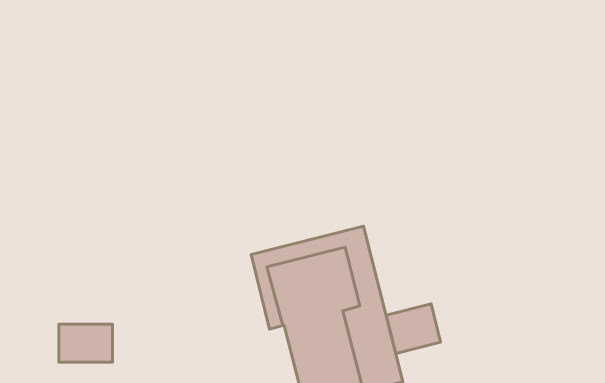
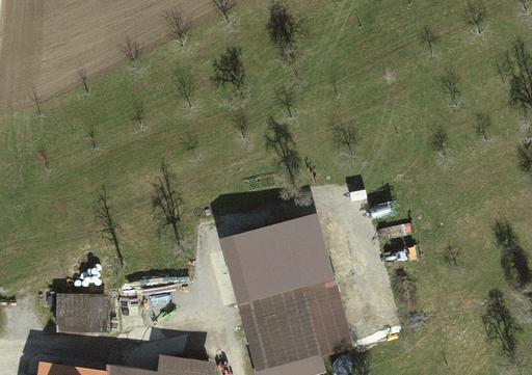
building: [386,304,441,353] -> none

